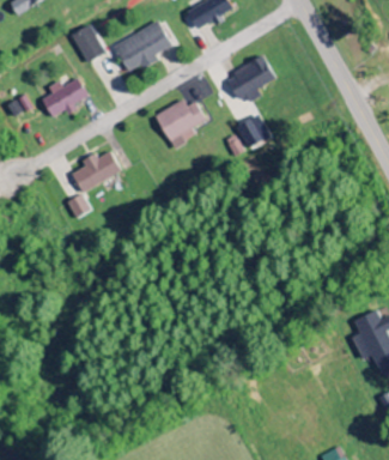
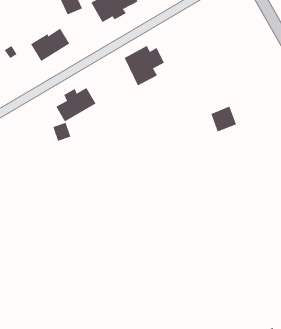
building: [225,58,274,103] -> none
building: [237,114,269,146] -> [210,106,237,132]

